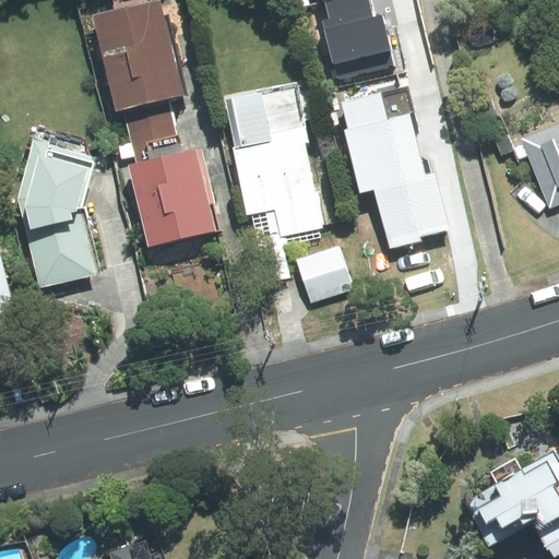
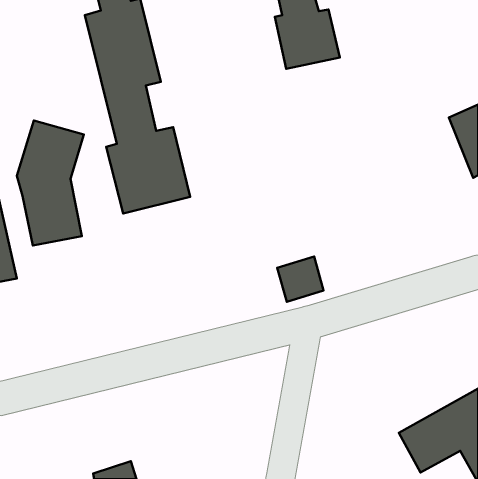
building: [224,92,321,234] -> none
building: [340,95,455,243] -> none
building: [297,247,350,299] -> [277,257,323,302]

